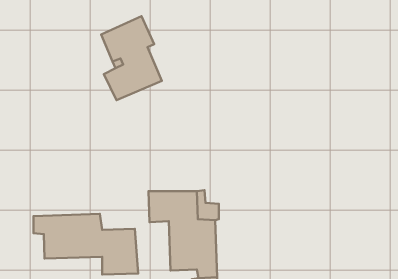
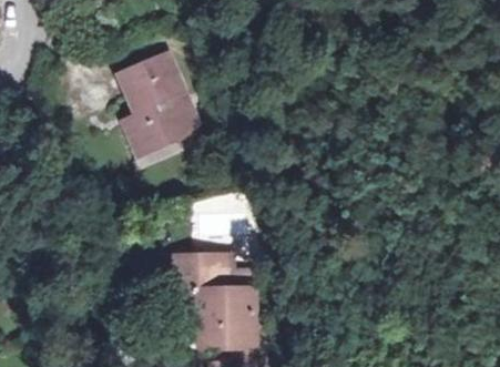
building: [33,214,138,275] -> none

